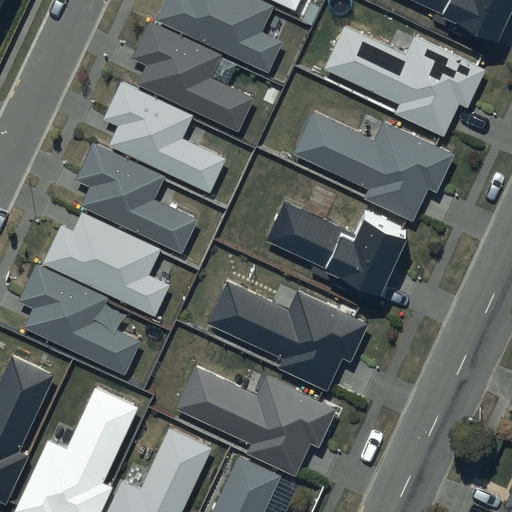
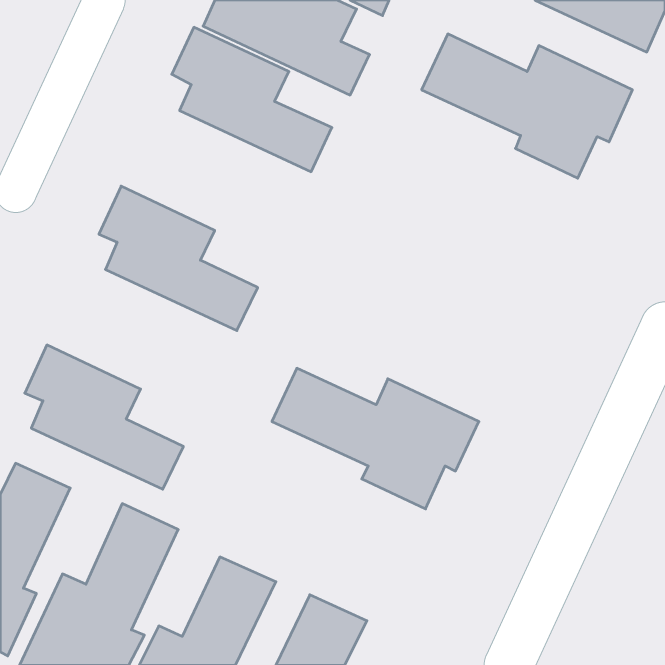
building: [104,83,226,193] -> none
building: [293,111,455,221] -> none
building: [266,202,409,295] -> none
building: [43,213,170,317] -> none
building: [177,369,336,477] -> none

